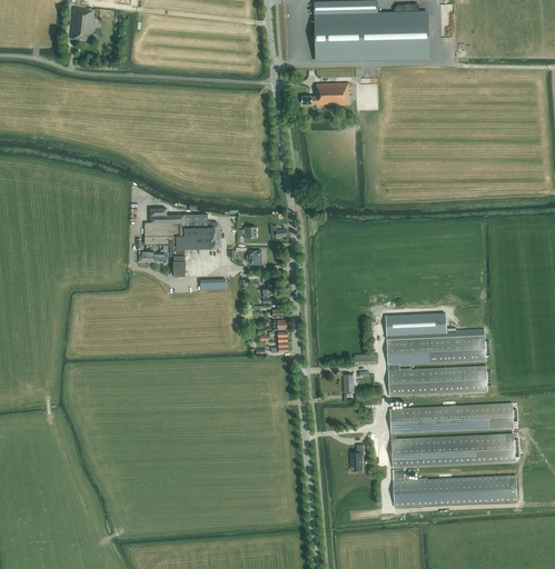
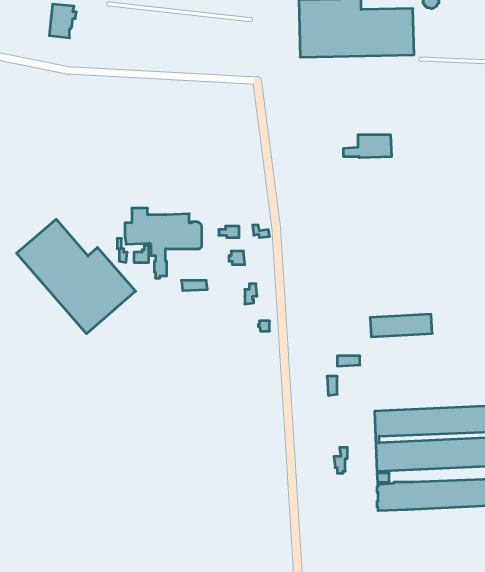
building: [300,82,348,104] -> [343,135,392,158]
building: none -> [17,219,136,334]
building: [386,335,486,396] -> none

